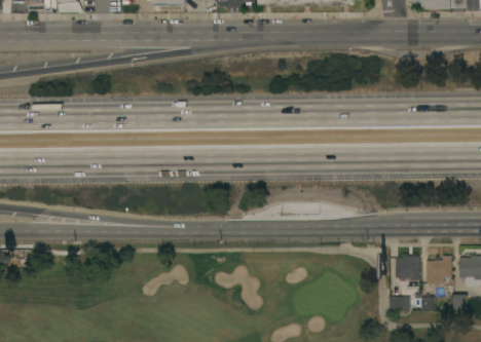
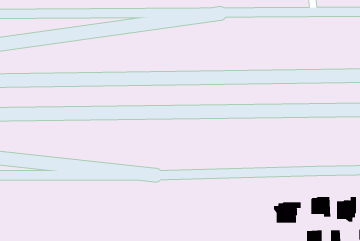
building: none -> [273,201,301,223]

